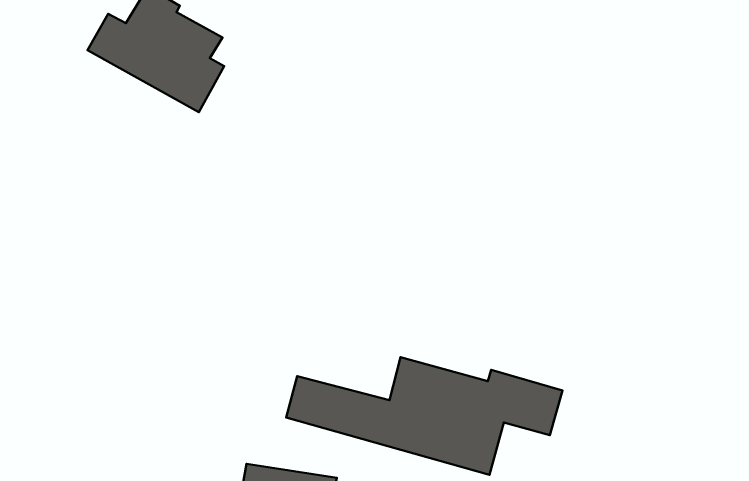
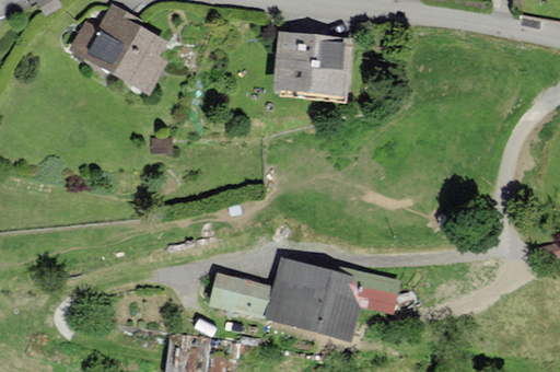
building: none -> [277,34,346,91]

